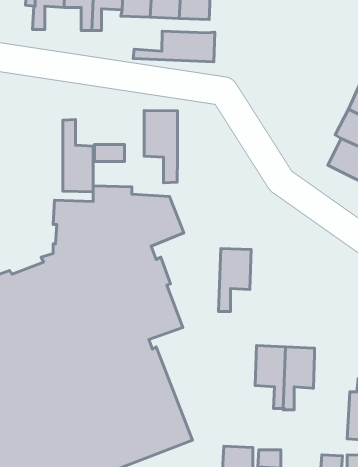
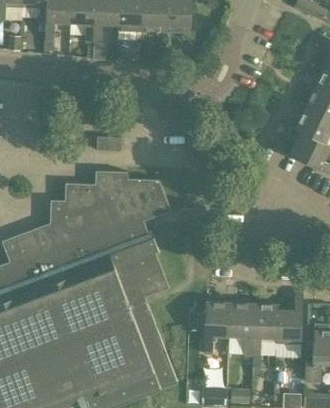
building: [133,31,215,62] -> none
building: [144,110,177,183] -> none
building: [63,120,93,192] -> none
building: [218,248,251,311] -> [202,301,229,353]
building: none -> [275,291,303,343]

